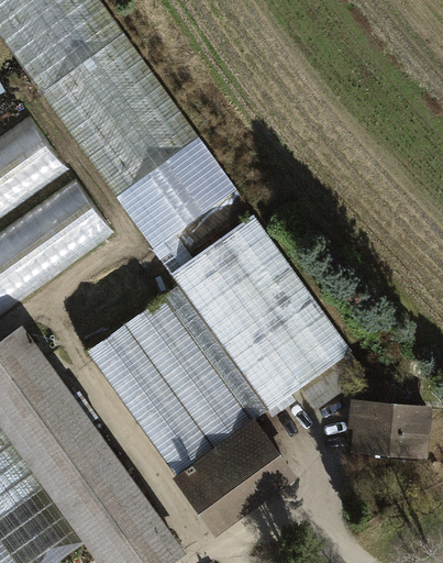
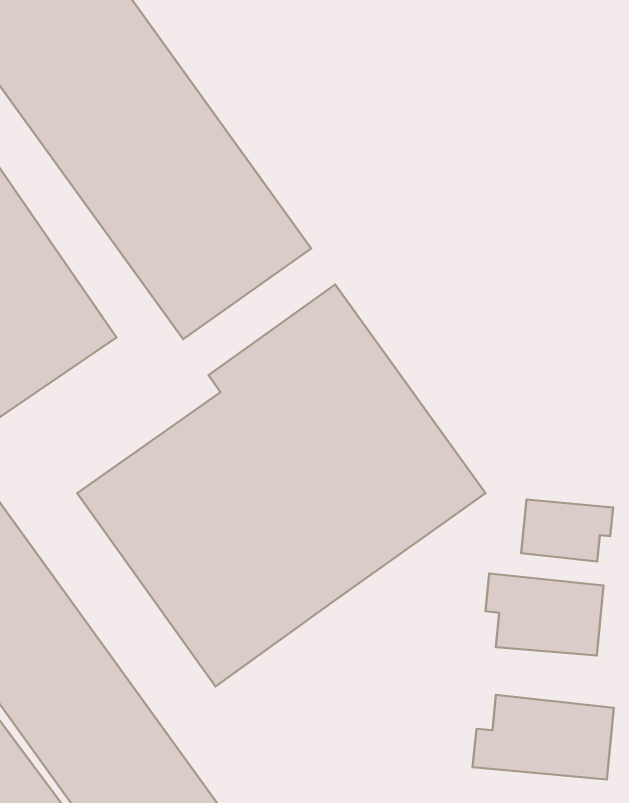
building: none -> [521,500,613,561]
building: [176,419,289,527] -> none
building: none -> [472,695,614,780]

